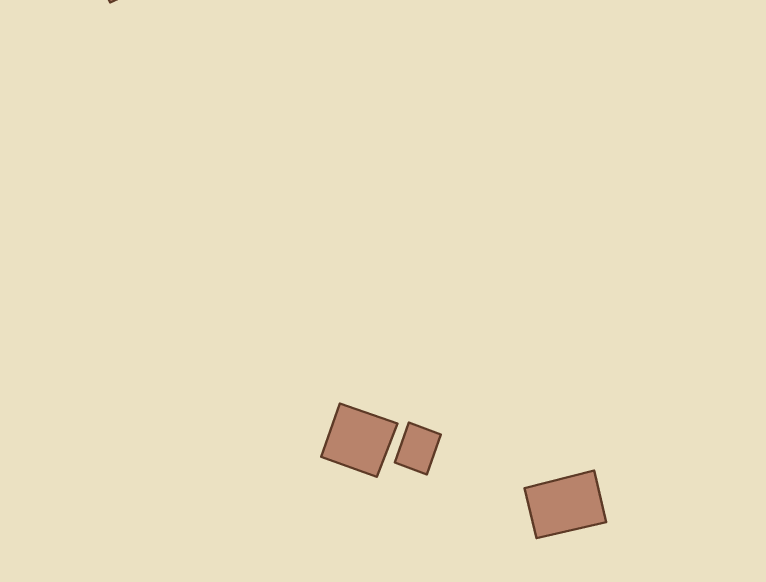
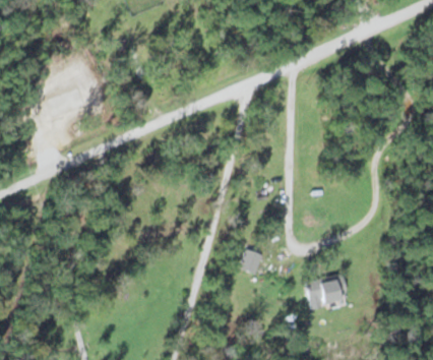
building: [321,403,398,477] -> none

